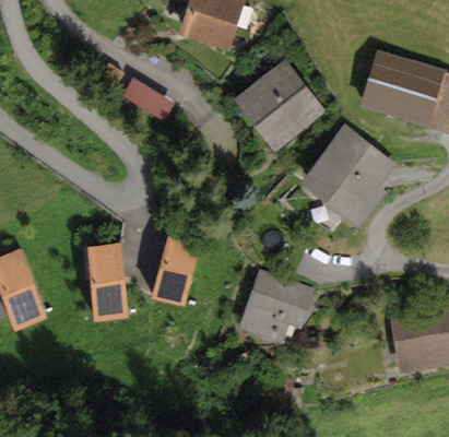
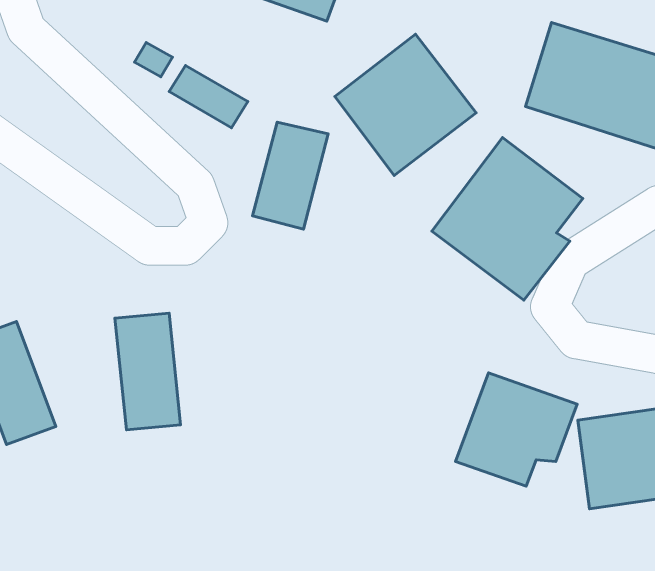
building: [151,235,201,306] -> [252,122,328,229]
building: [236,270,317,345] -> [456,373,577,486]

